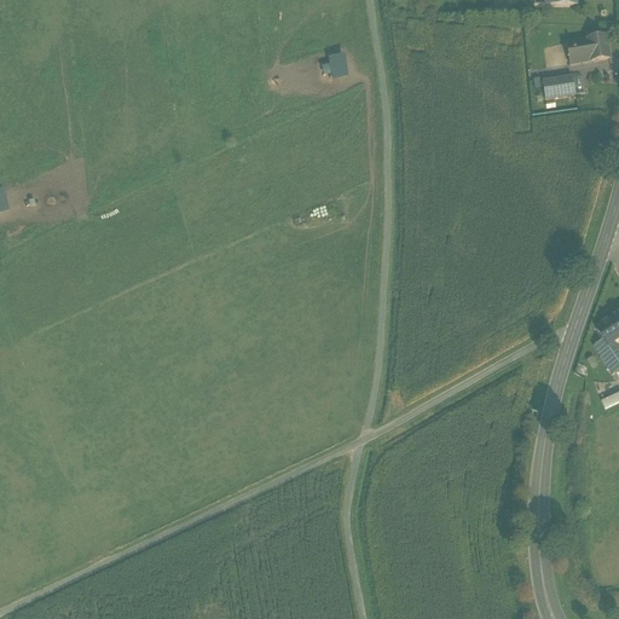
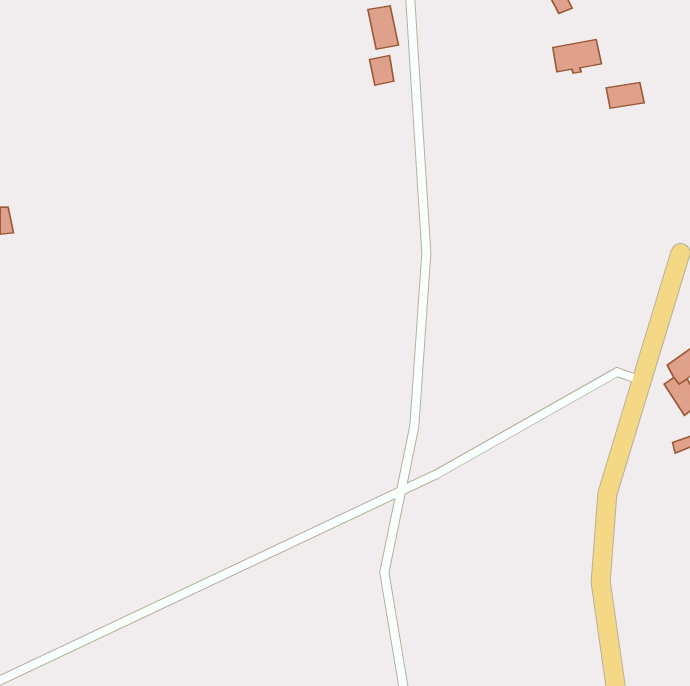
building: none -> [368,6,399,49]
building: [568,33,612,63] -> [553,39,601,73]

